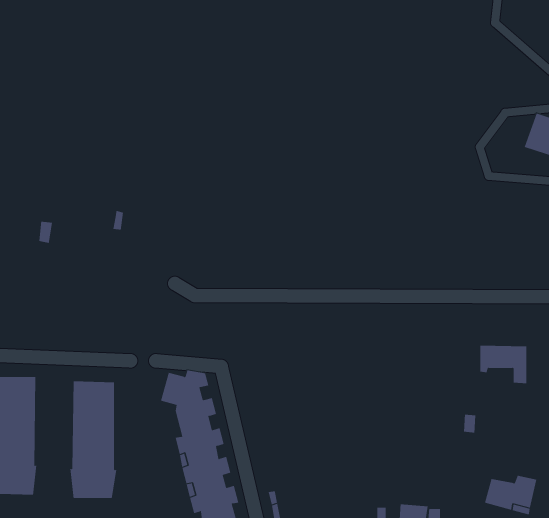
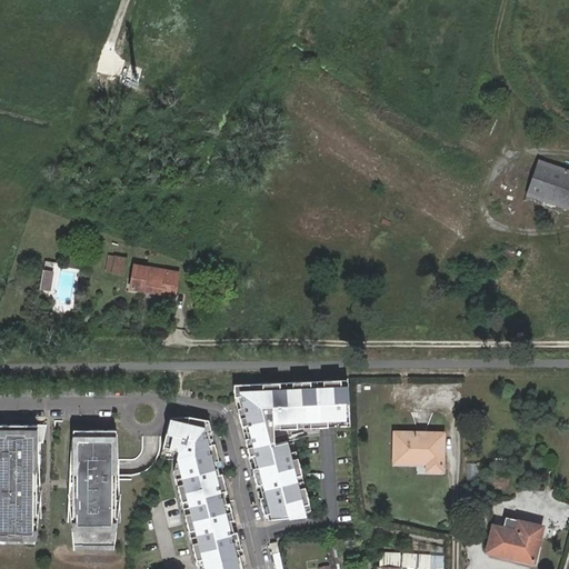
building: none -> [137,266,179,296]
building: none -> [233,380,348,521]
building: [480,345,527,384] -> [393,432,441,471]

